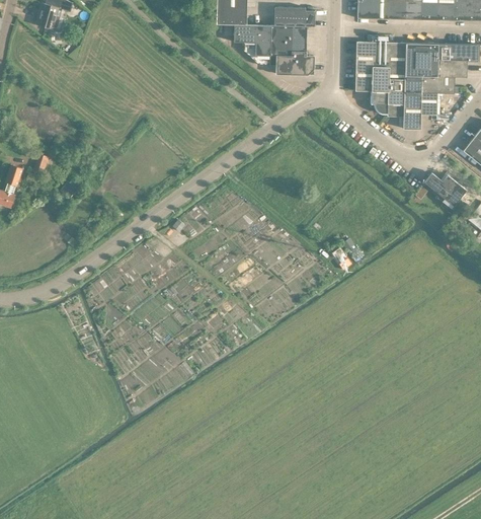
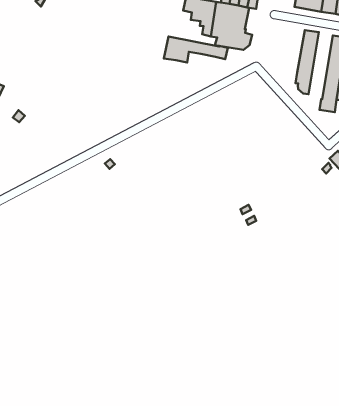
building: [355,42,373,90] -> none
building: [388,42,405,116] -> none
building: none -> [164,37,228,63]

